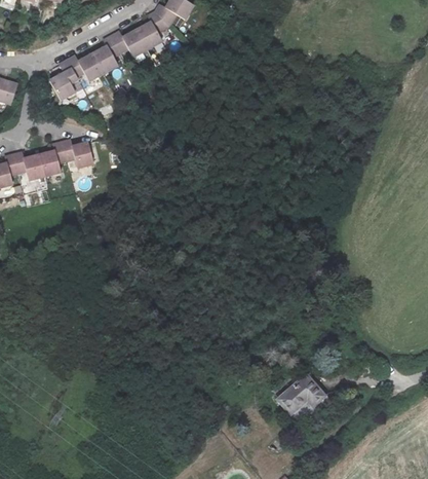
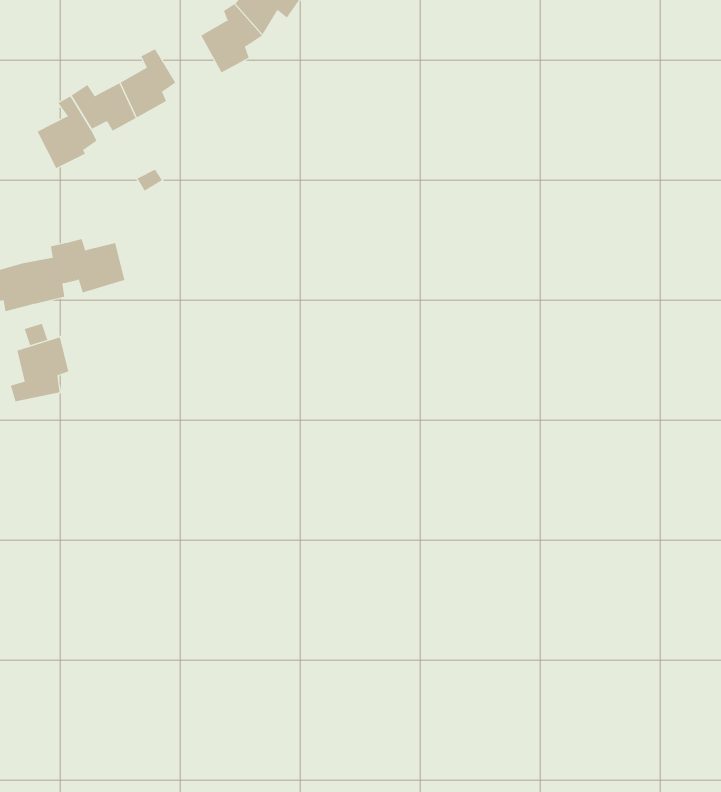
building: [112,28,148,56] -> none
building: none -> [10,336,69,402]
building: [273,379,324,421] -> none

